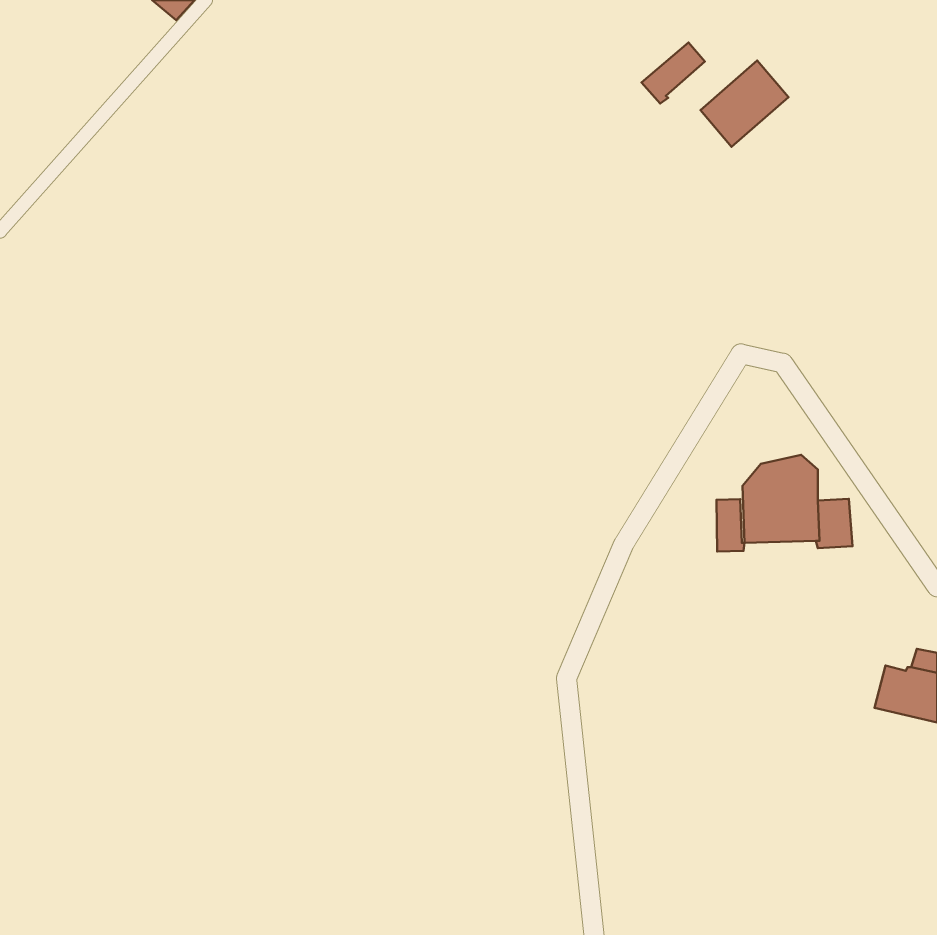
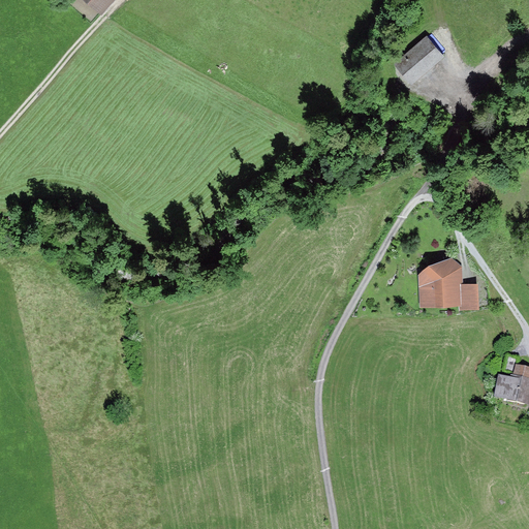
building: [641,42,705,103] -> none
building: [716,499,744,552] -> none

